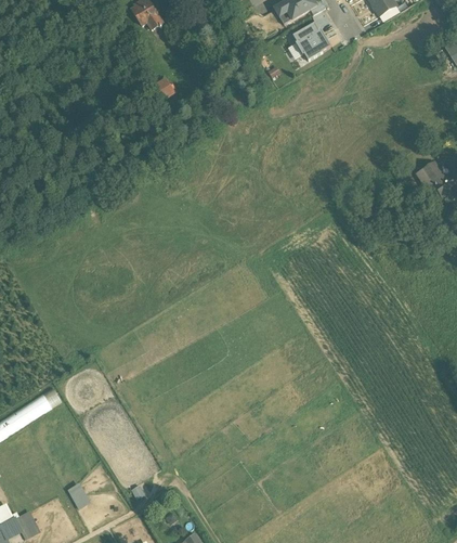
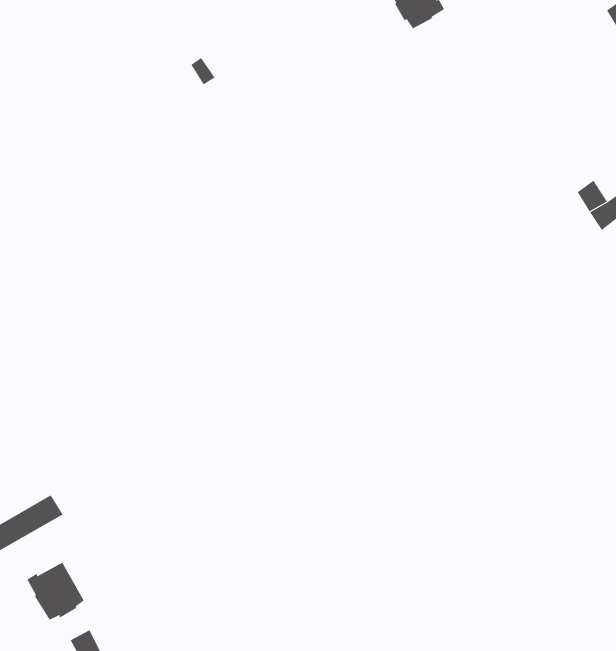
building: none -> [26,562,85,621]

